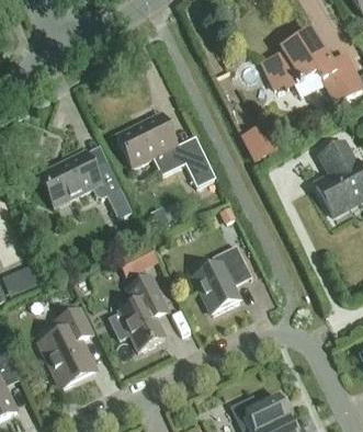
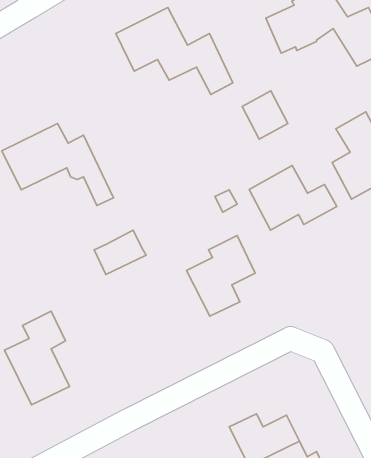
building: [116,113,215,186] -> [116,7,233,95]
building: none -> [249,166,337,230]
building: [106,274,165,350] -> none

